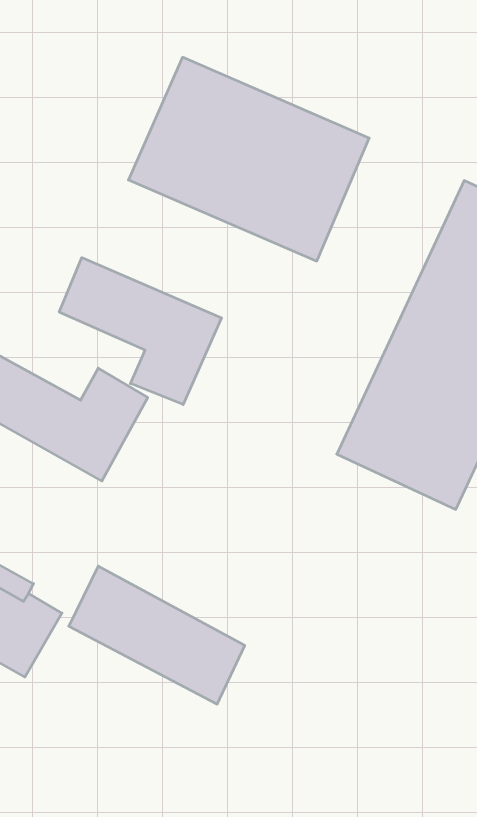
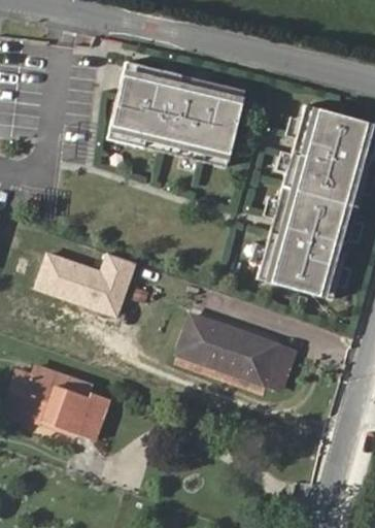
building: [59,258,222,405] -> none
building: [69,566,245,704] -> [178,316,283,385]

